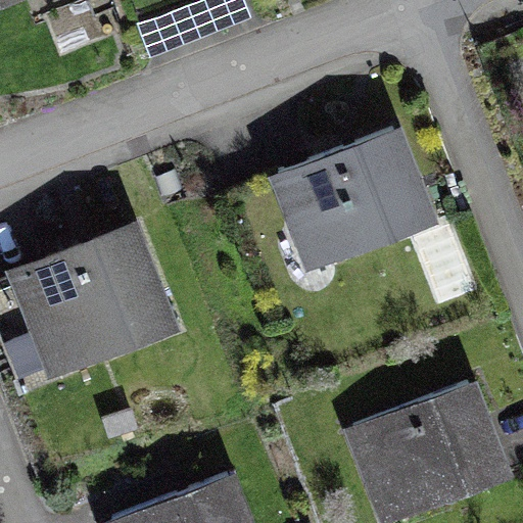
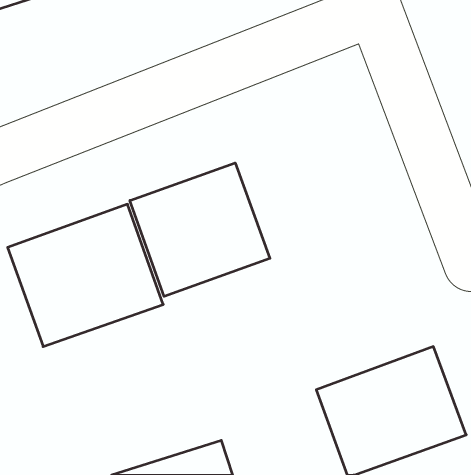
building: [270,129,438,278] -> none
building: none -> [130,163,270,296]

